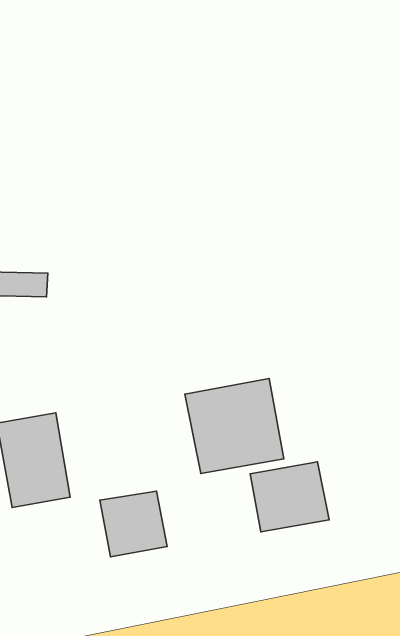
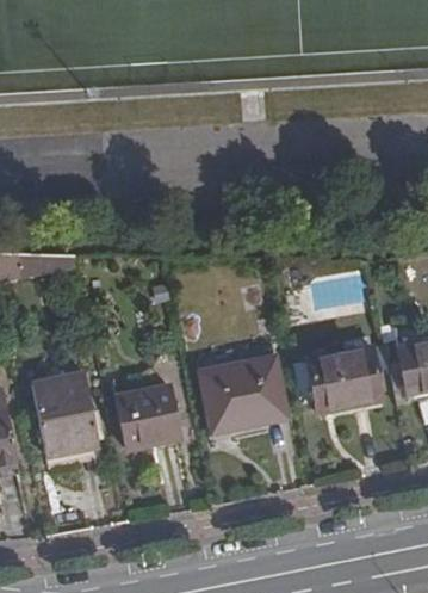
building: [250,462,329,532] -> [305,348,377,412]
building: [100,491,167,557] -> [114,384,175,444]

